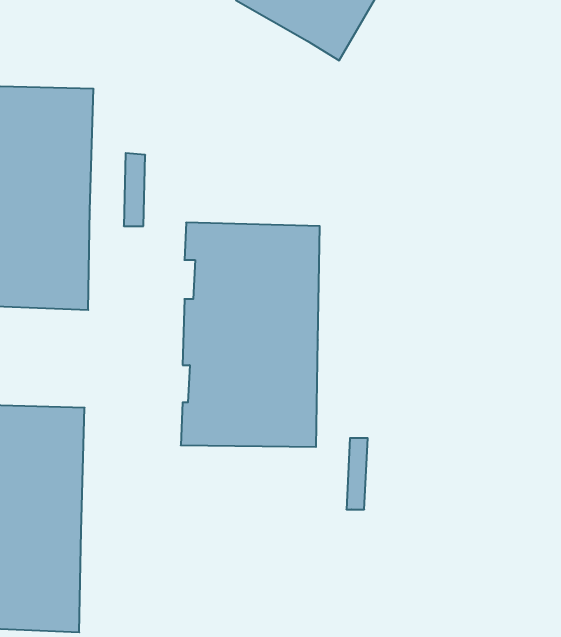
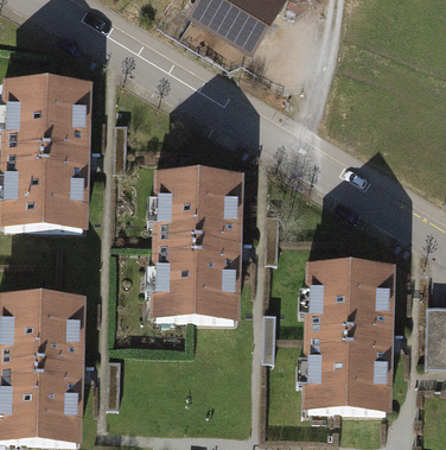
building: none -> [302,261,395,411]

